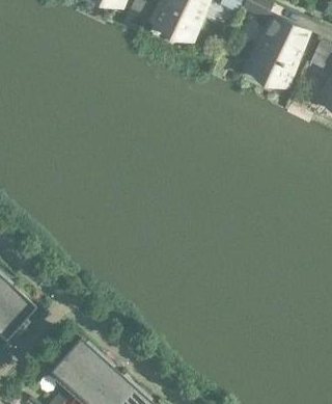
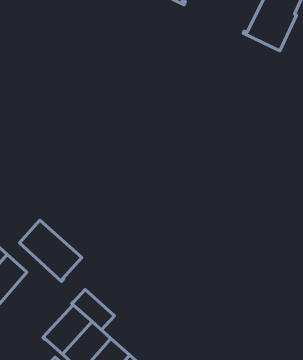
building: none -> [19,220,82,281]
building: none -> [72,289,114,330]

